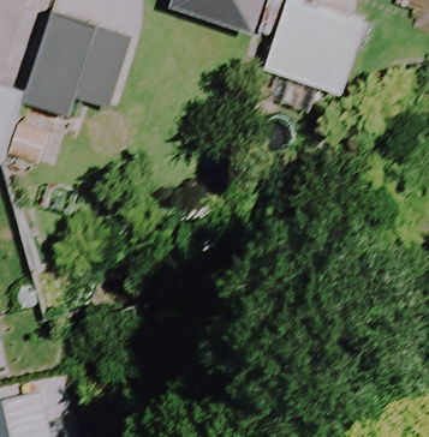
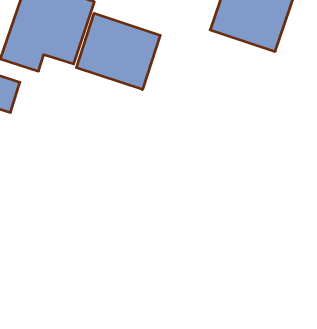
building: none -> [76,13,160,90]

